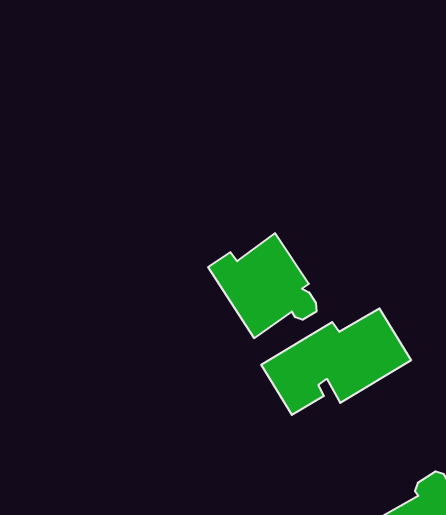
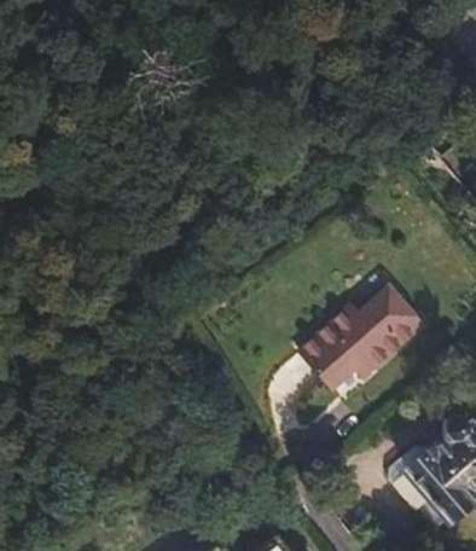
building: [208,233,316,338] -> none

